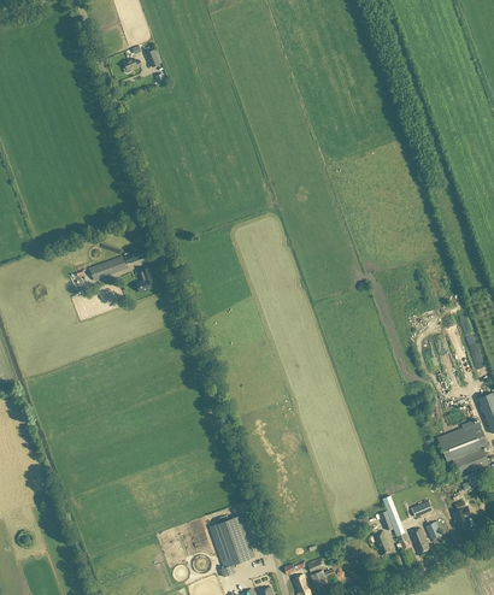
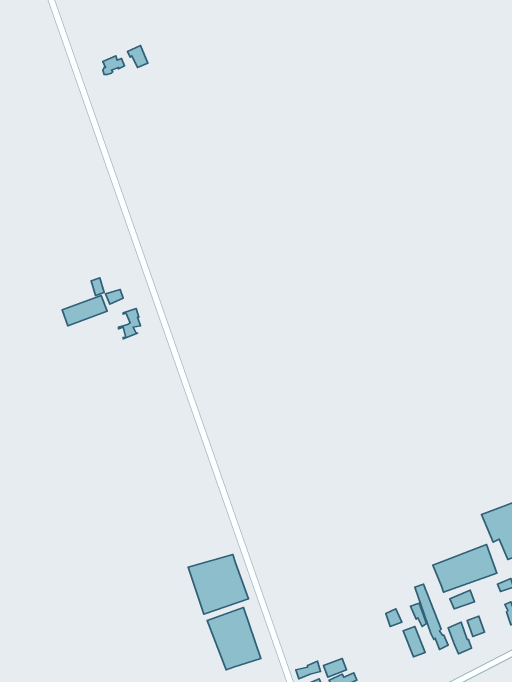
building: none -> [433,545,497,592]
building: none -> [188,554,248,614]

